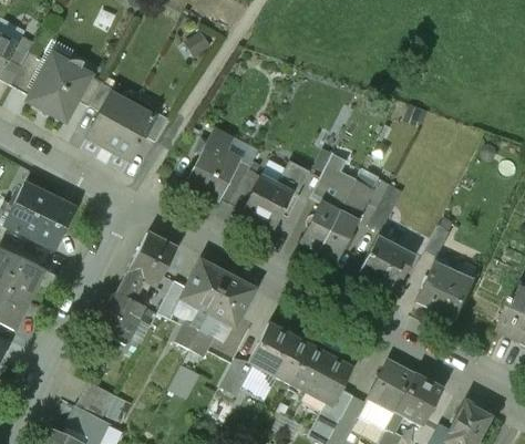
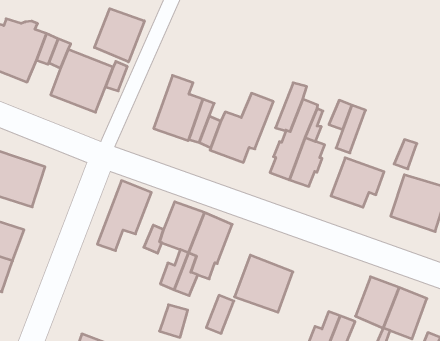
building: none -> [94,9,144,62]
building: [97,292,144,344] -> none
building: [290,344,352,405] -> none

